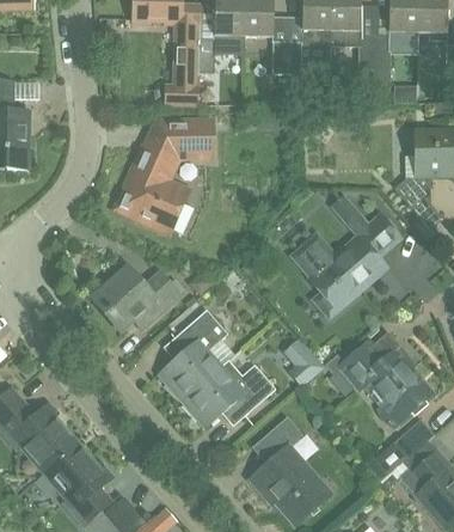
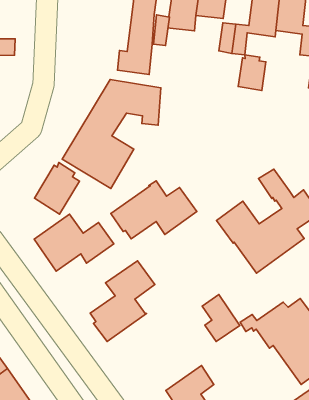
building: none -> [238,55,266,91]
building: none -> [34,162,79,214]
building: [183,360,276,426] -> [111,181,197,239]

